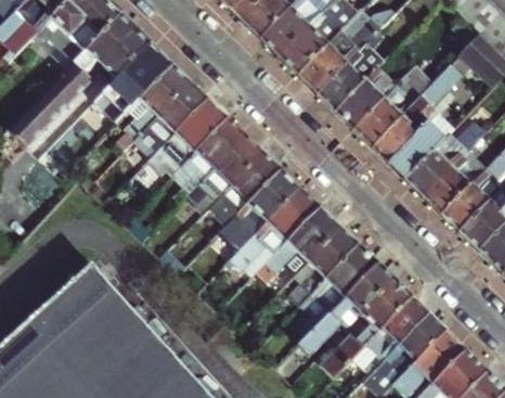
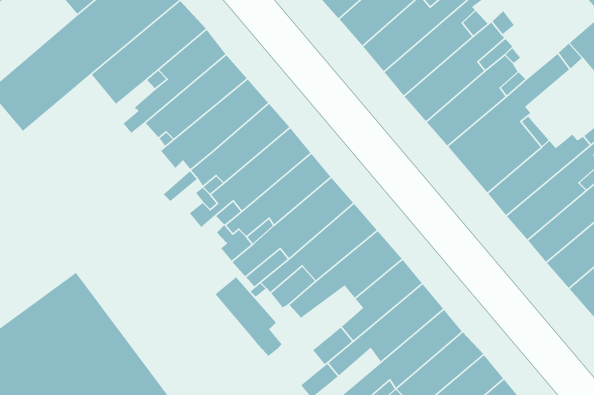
building: none -> [214,276,283,357]

